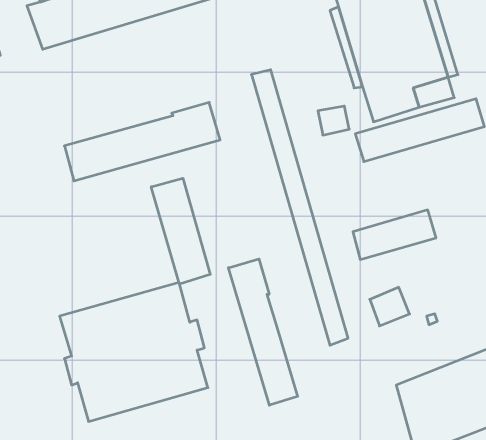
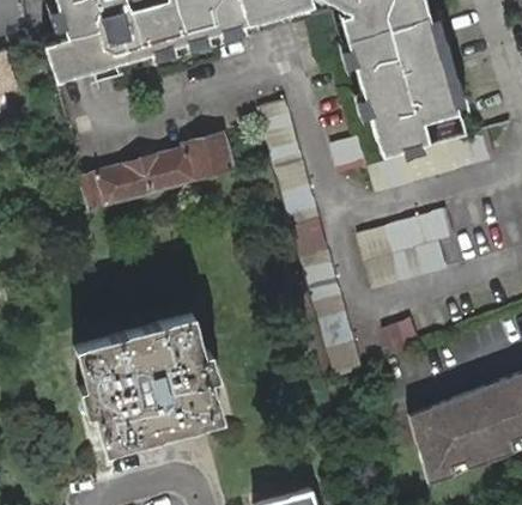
building: none -> [356,208,453,262]
building: [151,178,210,284] -> none
building: [228,259,298,405] -> none

